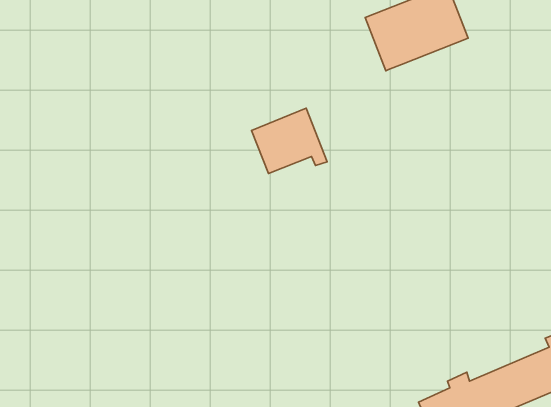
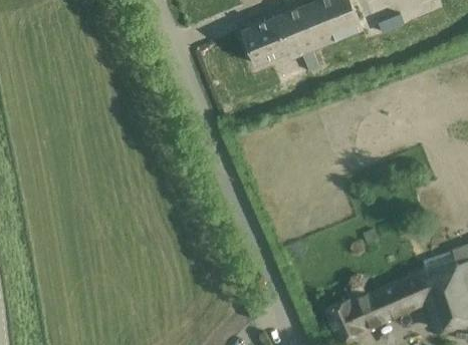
building: [251,108,327,173] -> [242,14,300,64]

